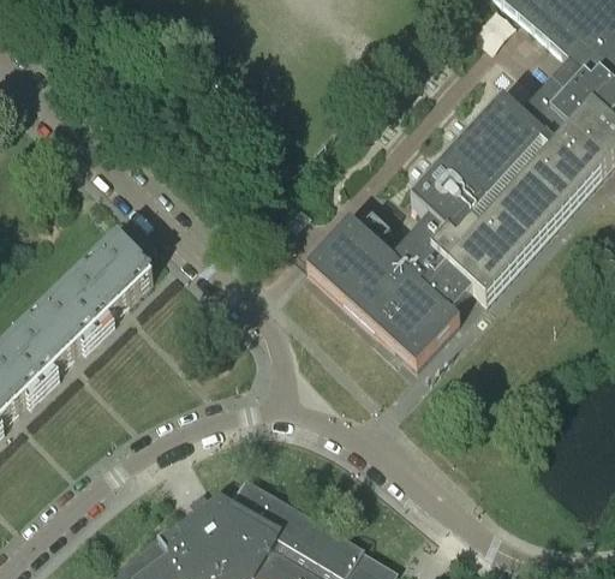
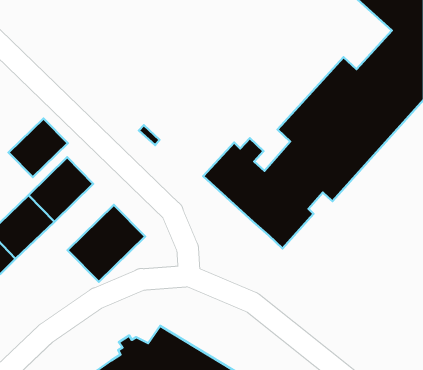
building: none -> [9,118,68,177]
building: none -> [68,205,145,282]

